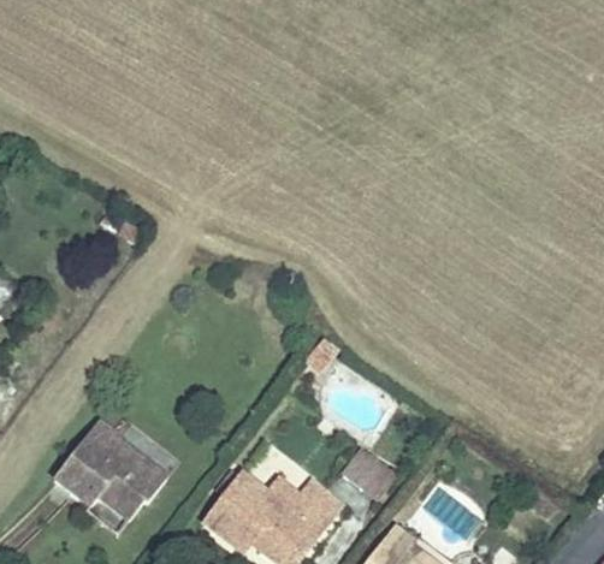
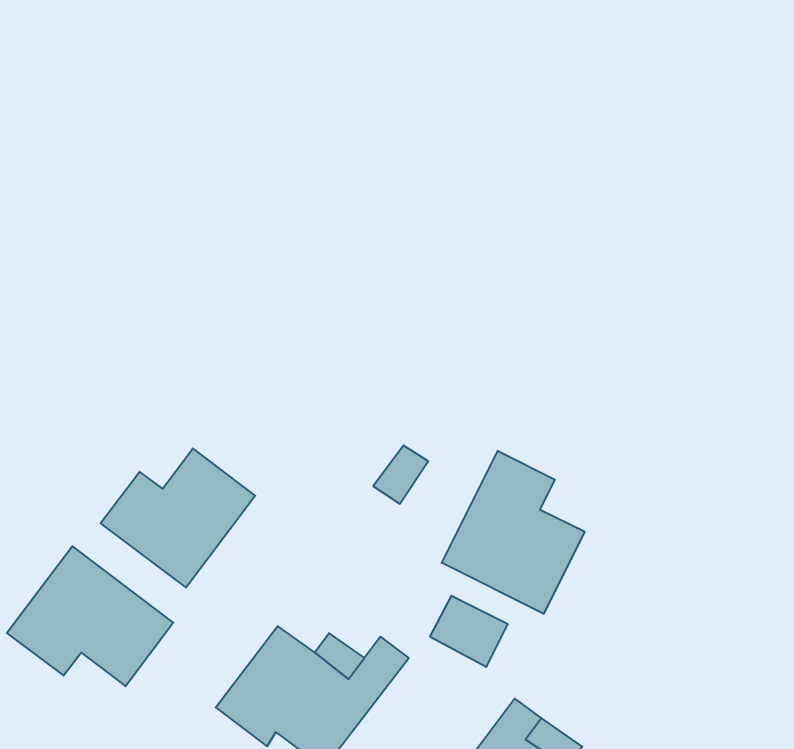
building: none -> [101,448,255,588]
building: none -> [442,451,585,614]

